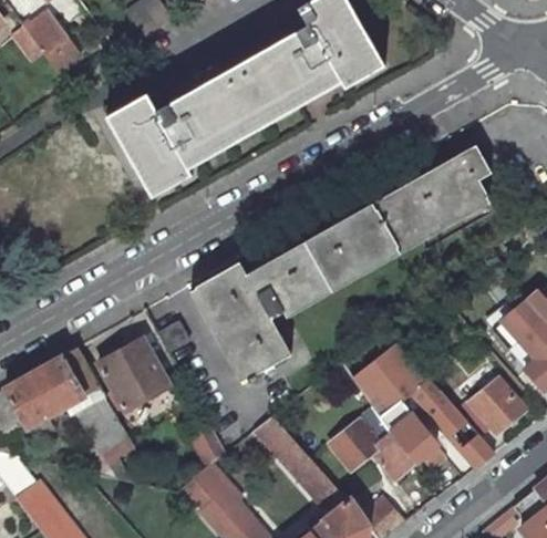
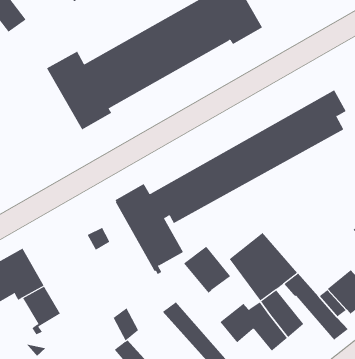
building: [99,338,169,410] -> none
building: none -> [183,246,231,294]

